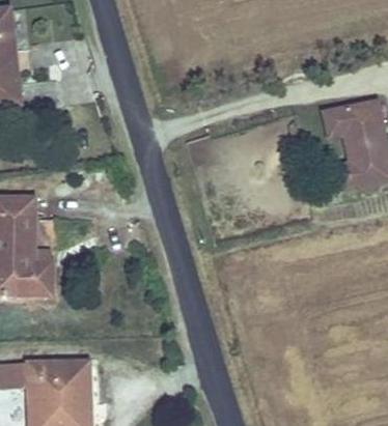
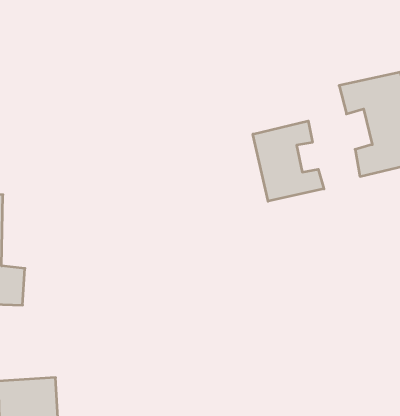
building: none -> [253,121,324,201]

